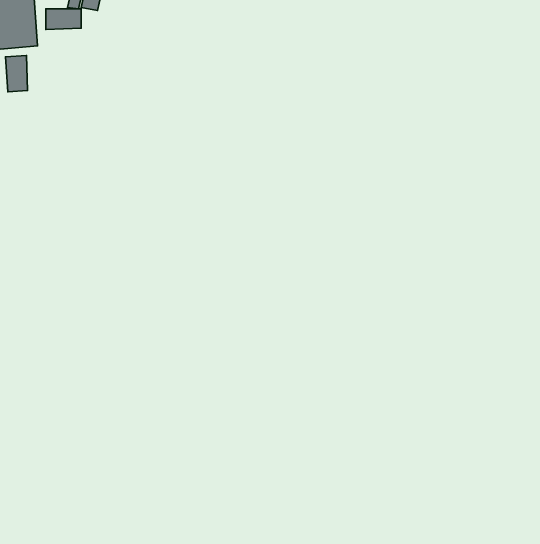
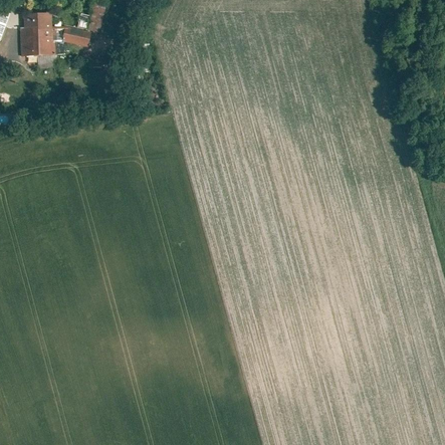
building: [5,55,27,92] -> none

